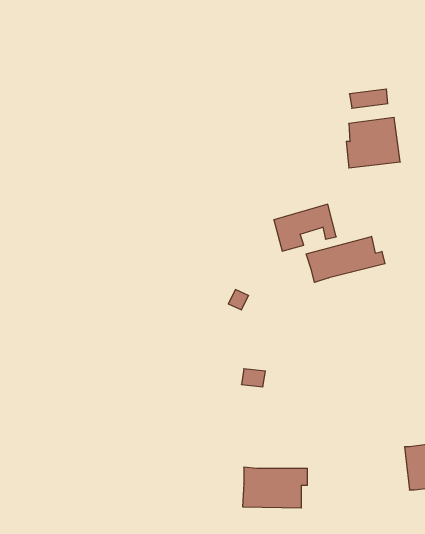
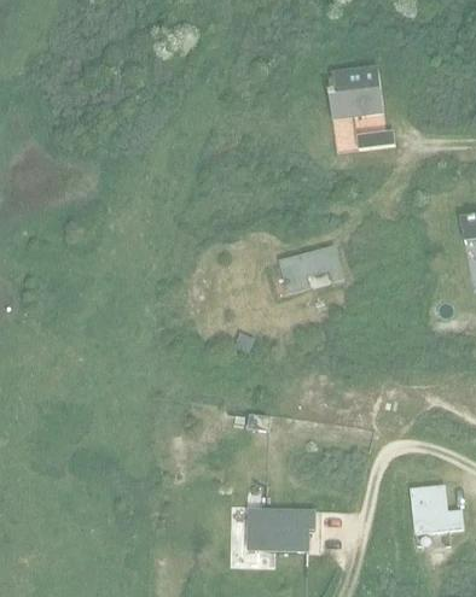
building: [346,118,400,168] -> [329,68,383,118]
building: [306,236,385,282] -> none

